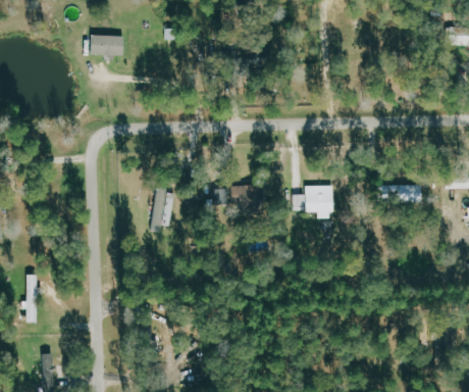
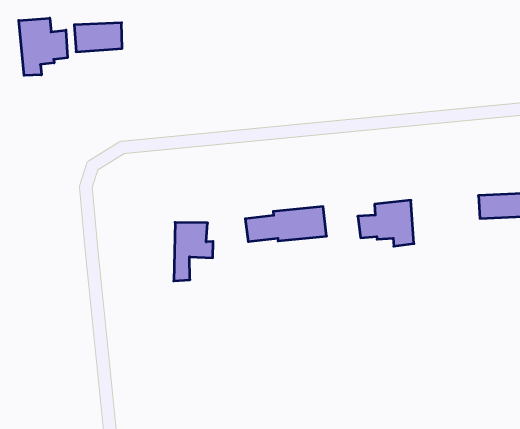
building: none -> [19,18,67,75]
building: [21,275,38,323] -> none

